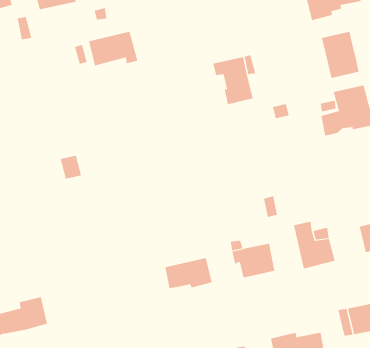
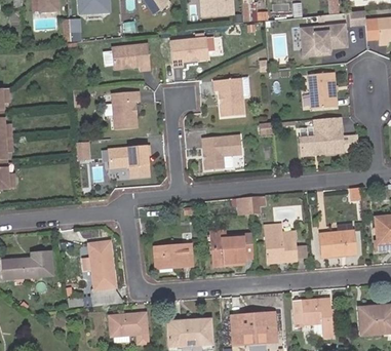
building: none -> [181,36,219,65]
building: none -> [109,87,136,125]
building: none -> [203,133,237,166]
building: none -> [115,144,151,176]
building: none -> [86,242,113,296]

